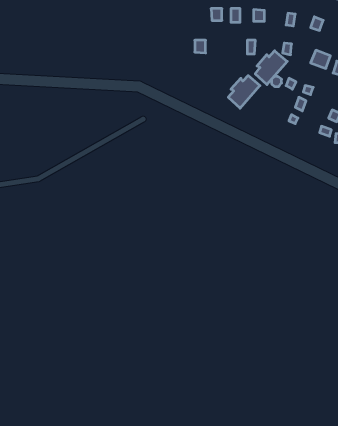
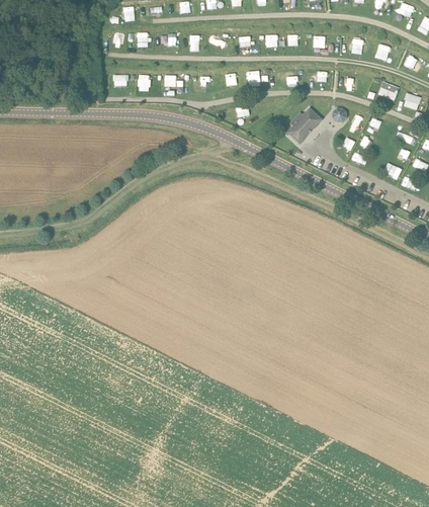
building: [255,51,287,85] -> none

